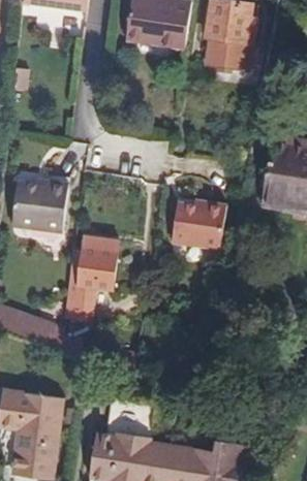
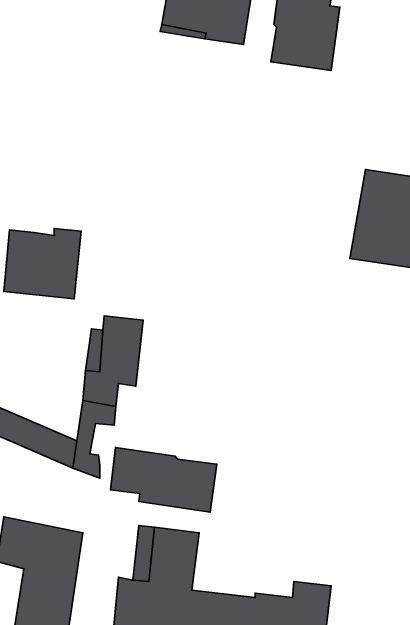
building: [170,206,224,253] -> none
building: none -> [111,447,217,512]

